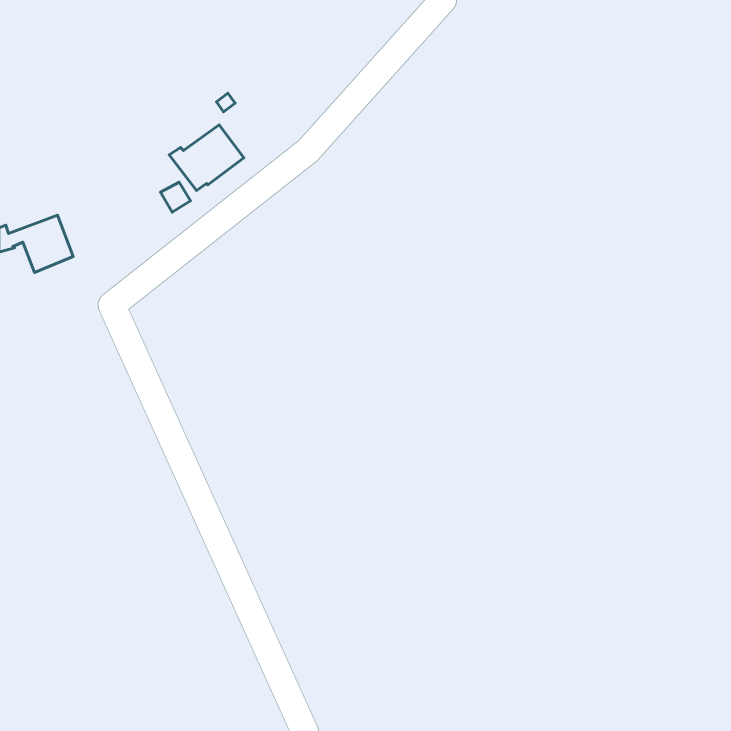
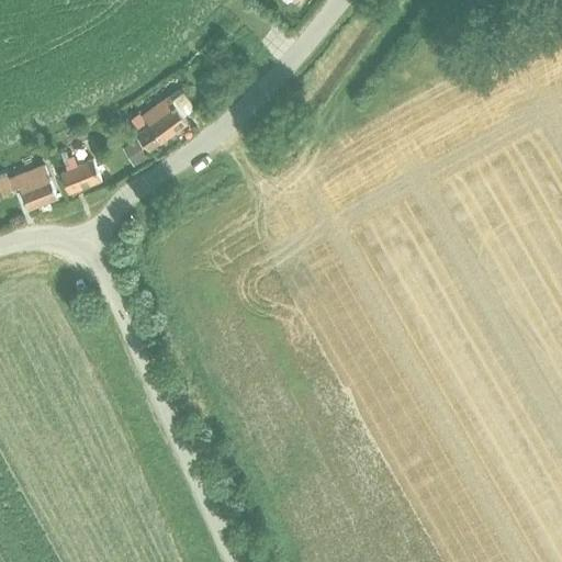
building: none -> [59,158,99,193]

